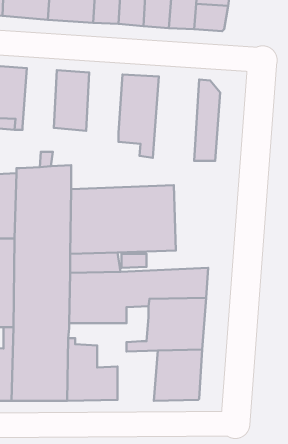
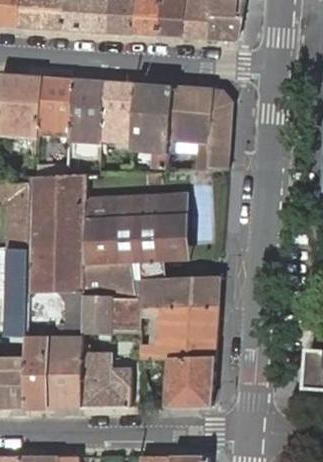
building: none -> [36,78,70,137]
building: none -> [99,82,135,142]
building: none -> [166,86,211,170]

